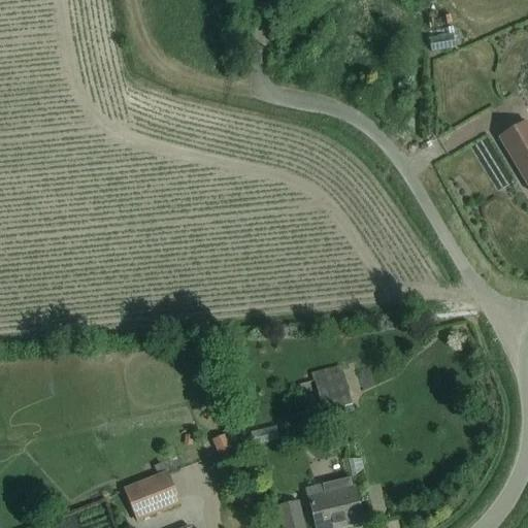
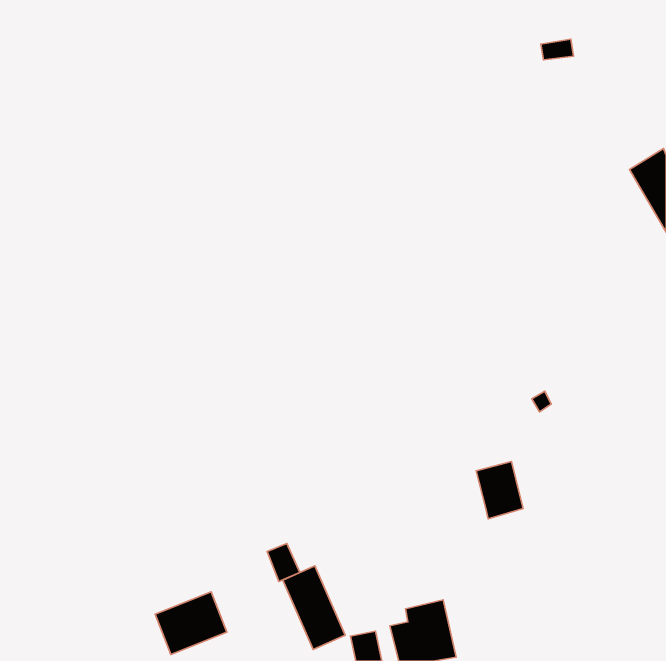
building: [315,370,352,416] -> [476,462,523,519]
building: none -> [283,566,345,650]

